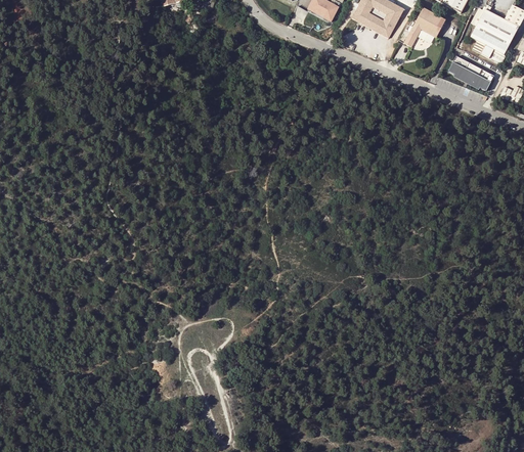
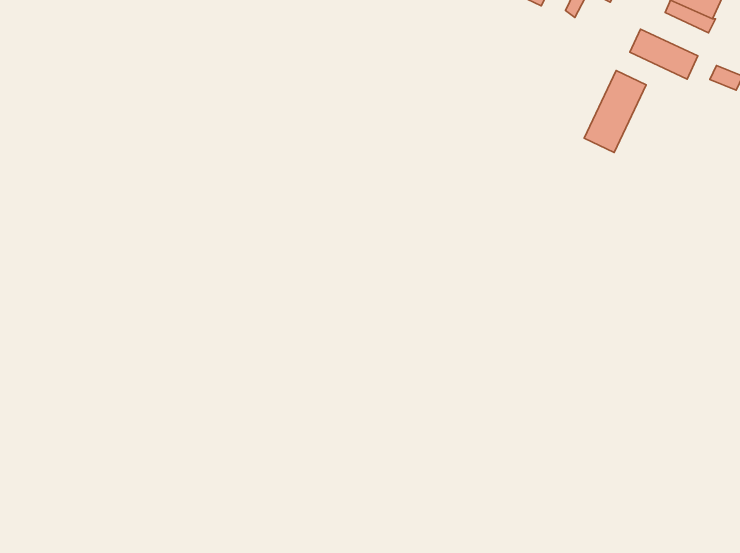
building: none -> [584,71,646,152]

